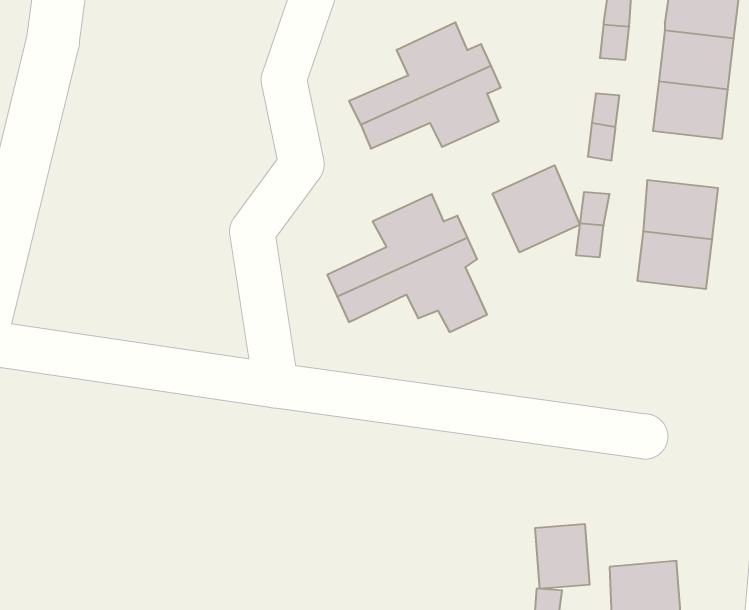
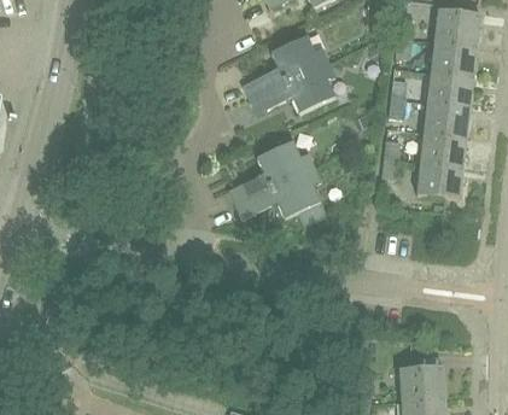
building: none -> [424,101,469,136]
building: [493,165,580,252] -> none
building: [535,524,590,589] -> none

